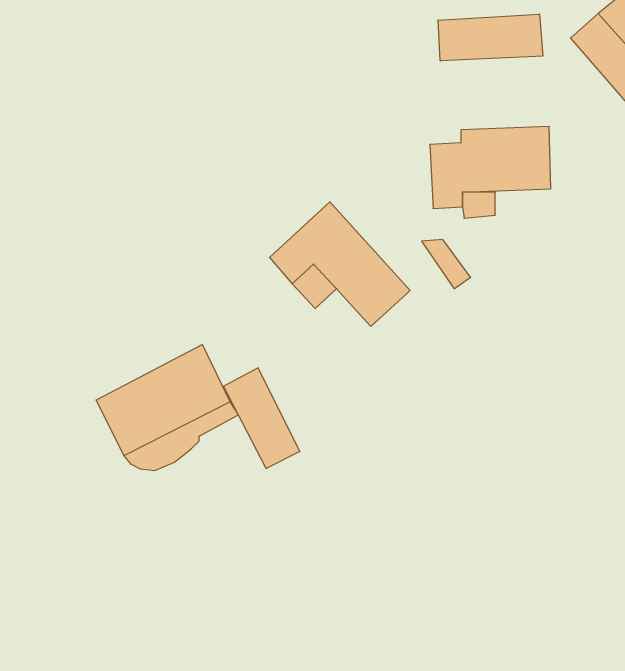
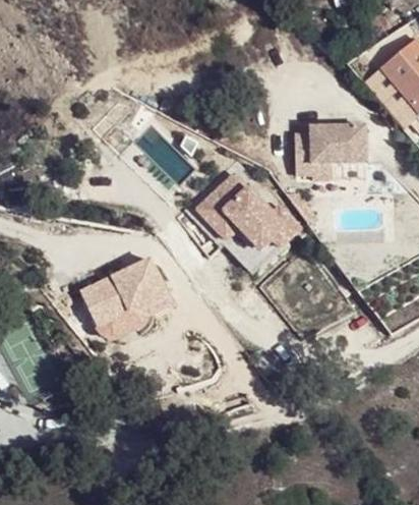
building: [438,14,543,61] -> none
building: [224,368,300,469] -> none

